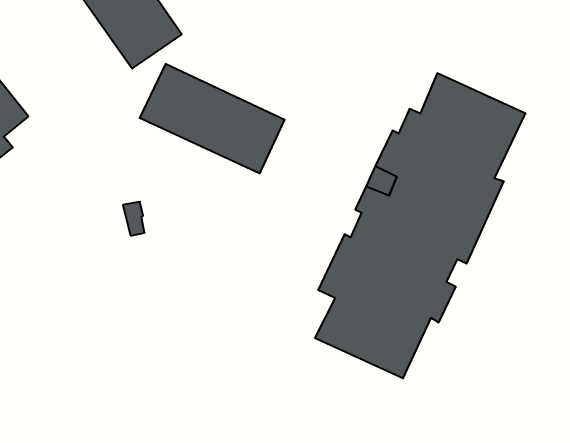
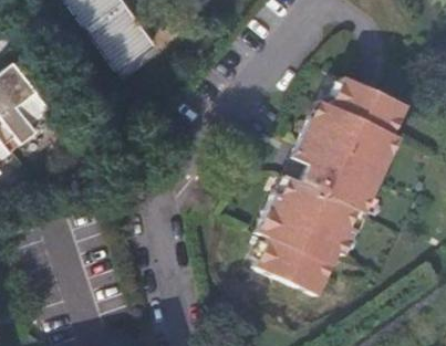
building: [140,64,284,173] -> none

